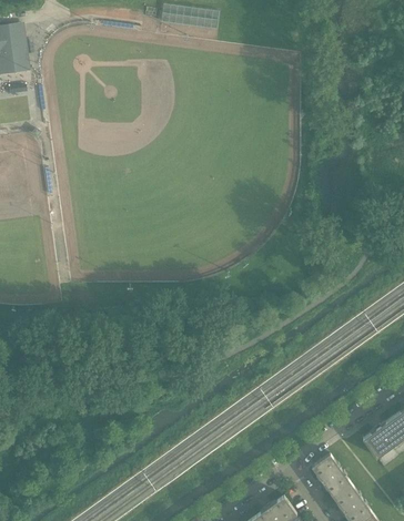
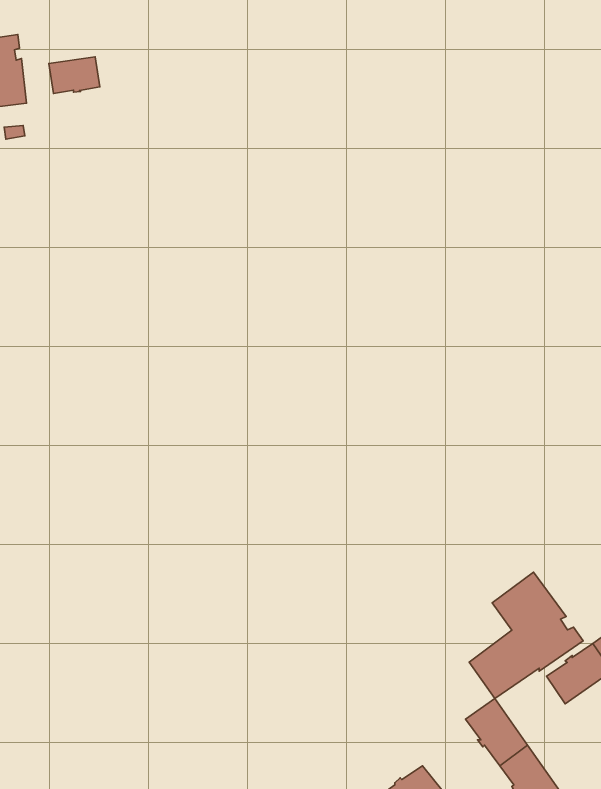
building: none -> [49,57,100,94]
building: none -> [469,572,583,699]

